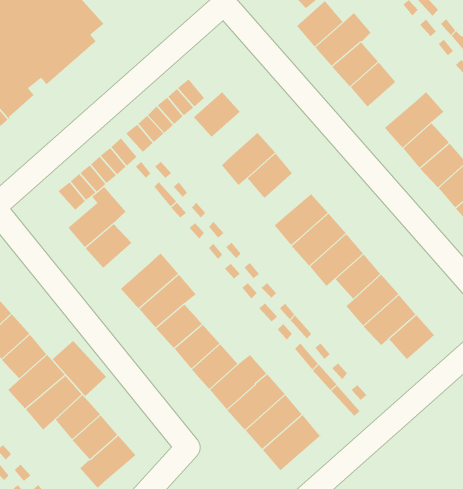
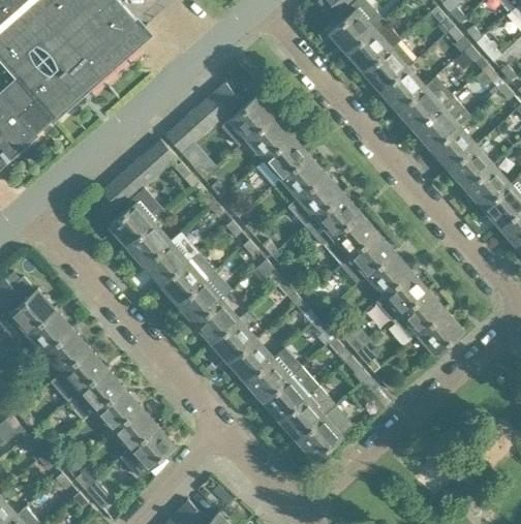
building: none -> [397,76,454,130]
building: none -> [247,115,292,159]
building: none -> [298,174,343,217]
building: none -> [143,232,198,285]
building: [52,340,107,397] -> none

